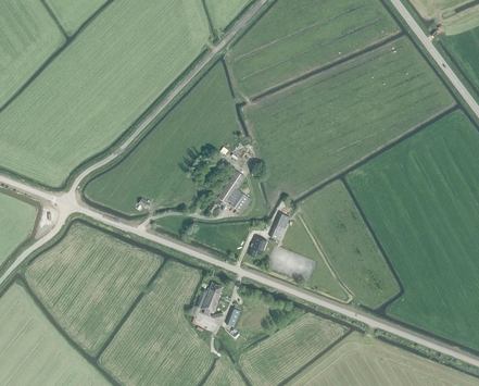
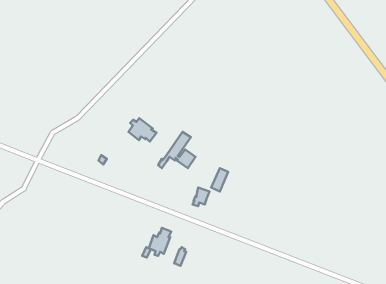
building: none -> [128,118,156,142]

